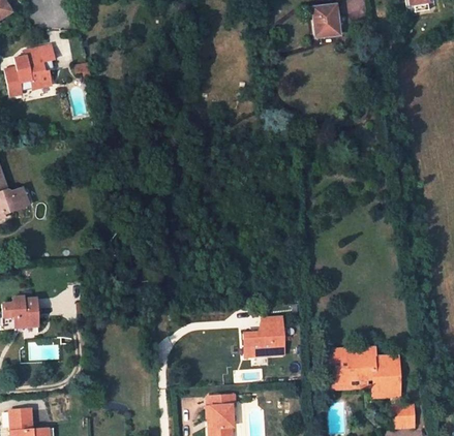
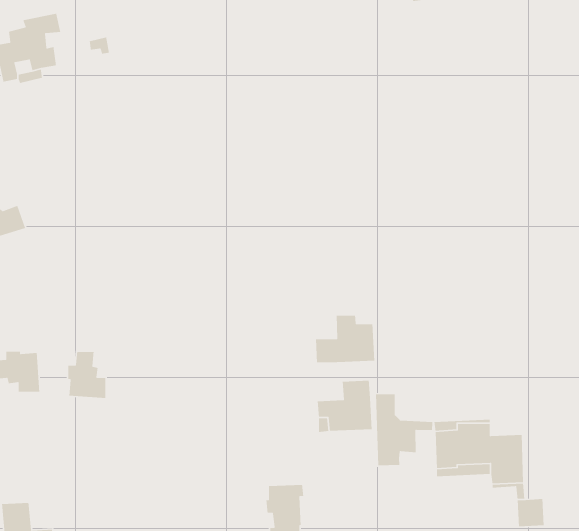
building: none -> [315,315,375,363]
building: none -> [67,351,106,399]
building: none -> [375,393,433,466]

